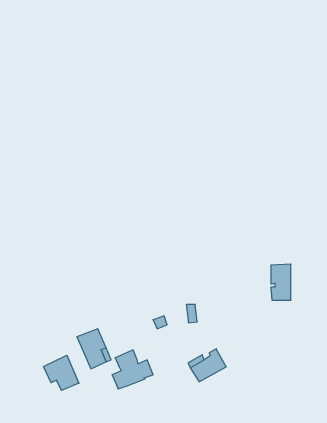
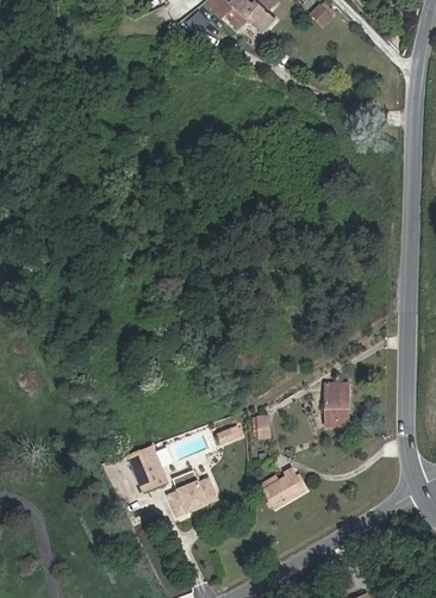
building: [271,264,291,300] -> [324,382,348,425]
building: [44,355,79,390] -> none

